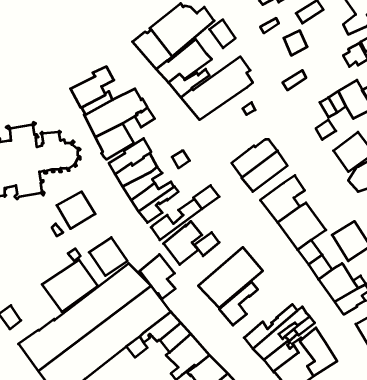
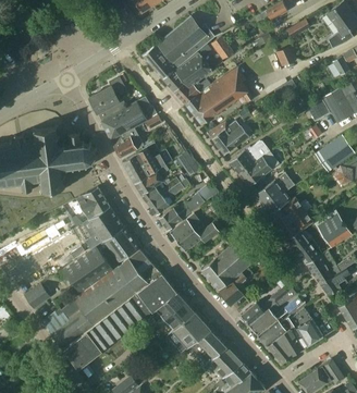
building: none -> [207,121,248,155]
building: none -> [88,207,124,241]
building: [140,254,175,299] -> none

